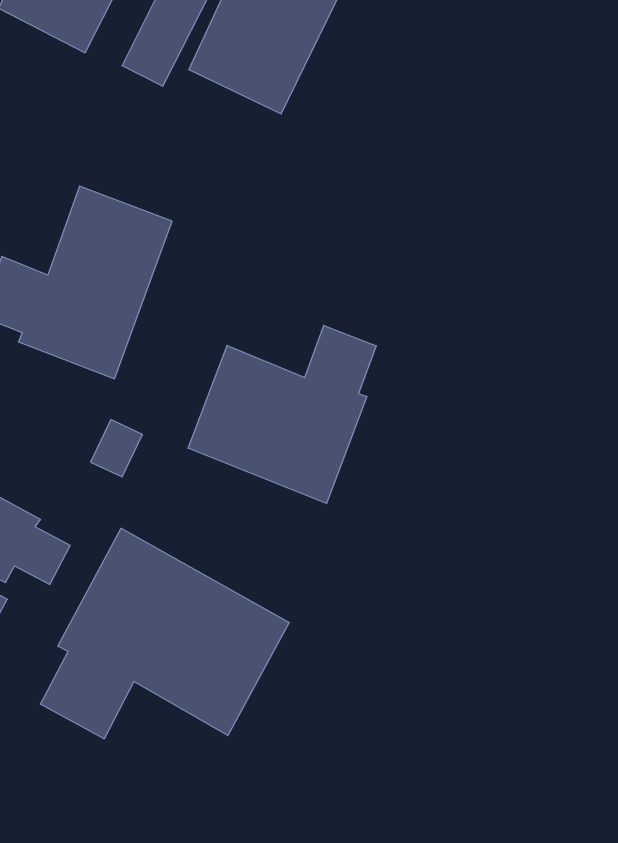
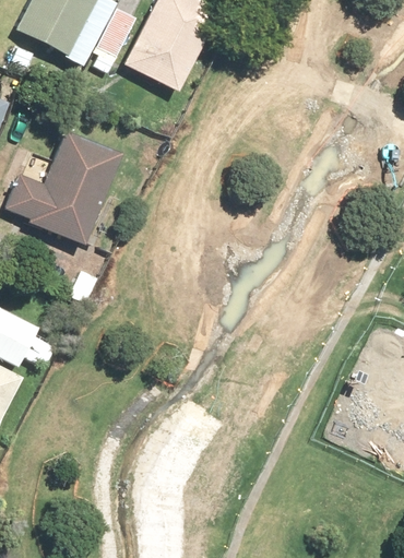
building: [188,325,376,504] -> none
building: [40,528,289,739] -> none

